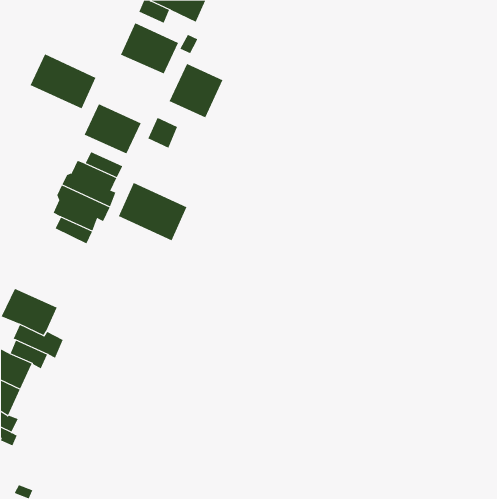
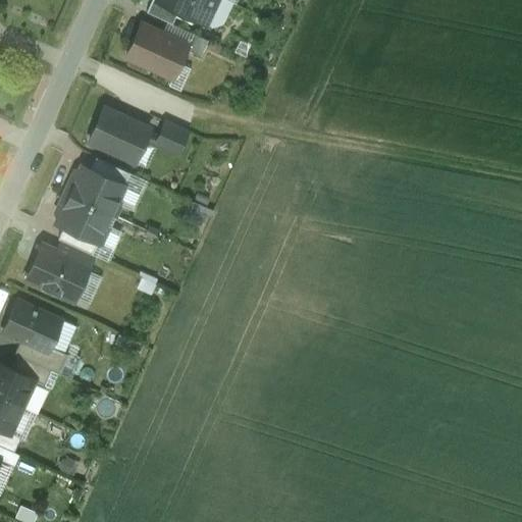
building: [30,53,96,109] -> none
building: [169,63,223,118] -> none
building: [118,182,187,241] -> none
building: none -> [28,245,90,300]

